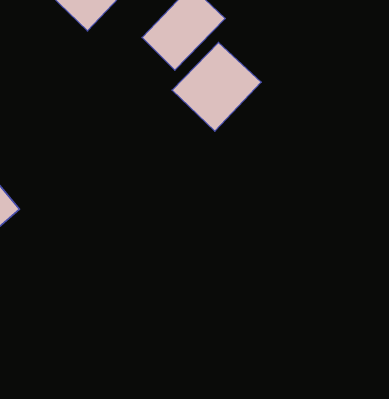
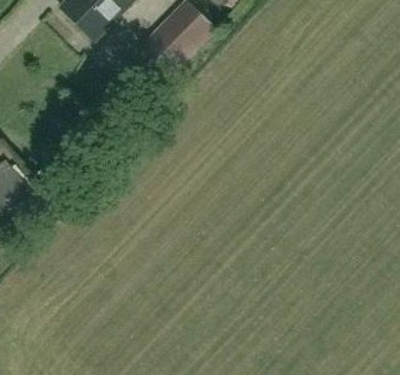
building: [172,43,261,131] -> none

